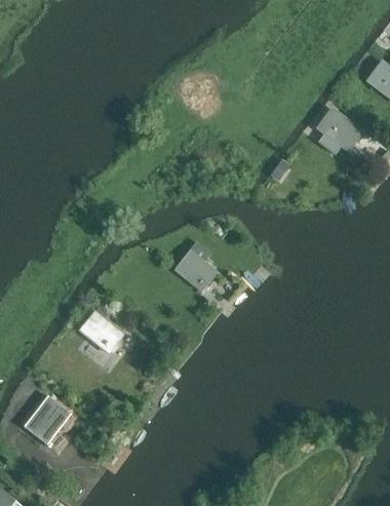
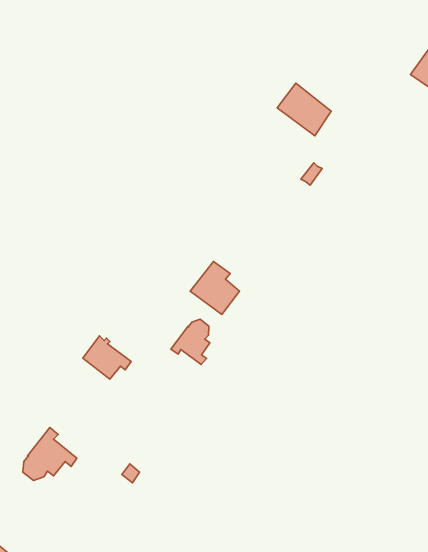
building: [315,107,362,153] -> [277,83,331,136]
building: none -> [171,319,210,365]

